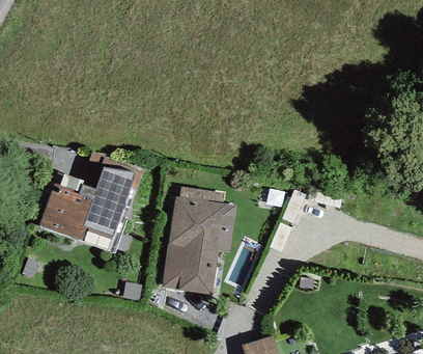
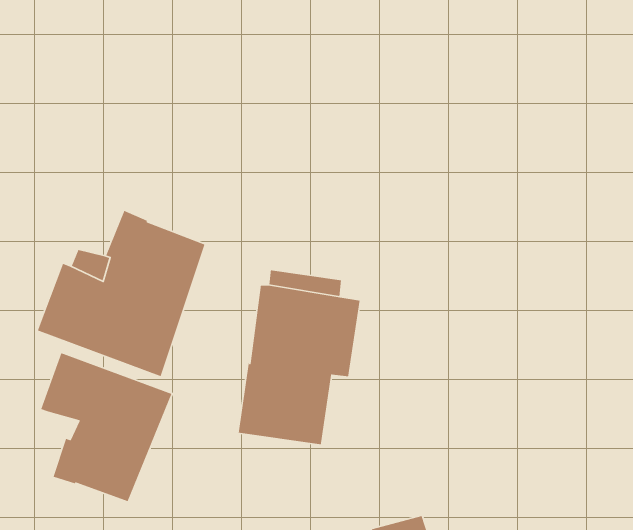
building: none -> [40,352,173,502]

